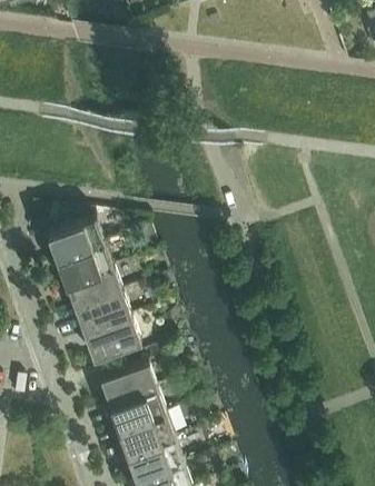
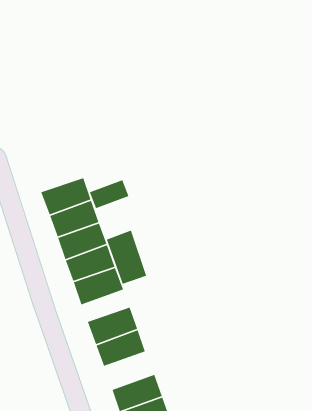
building: none -> [89,179,129,209]
building: none -> [106,230,147,285]
building: [118,411,176,454] -> none

